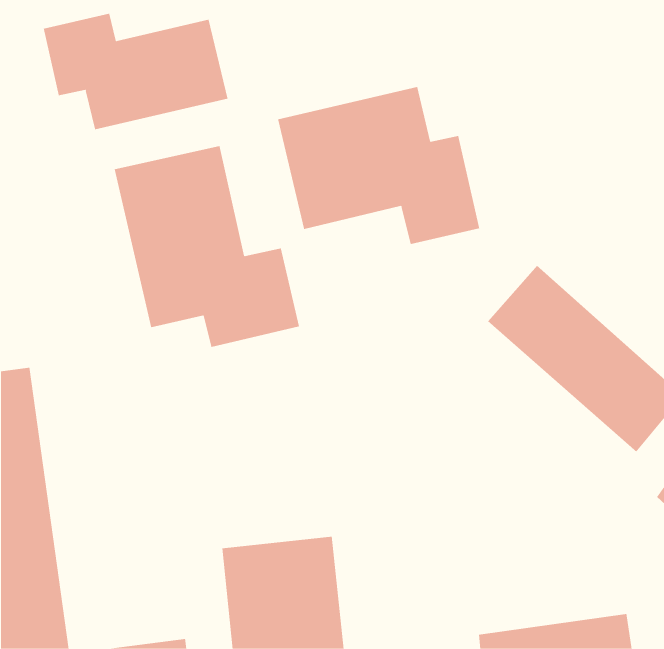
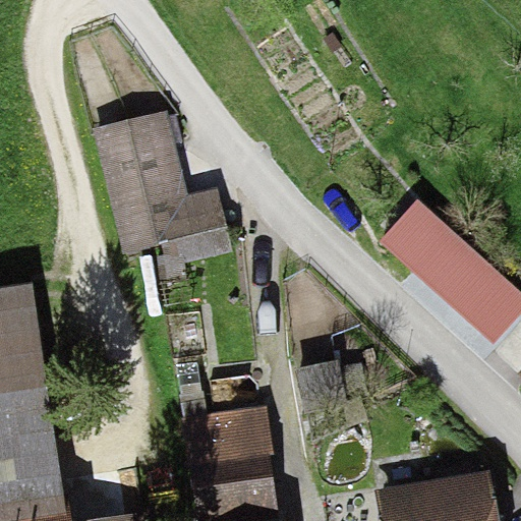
building: [43,13,228,130] -> none
building: [277,86,480,245] -> none

